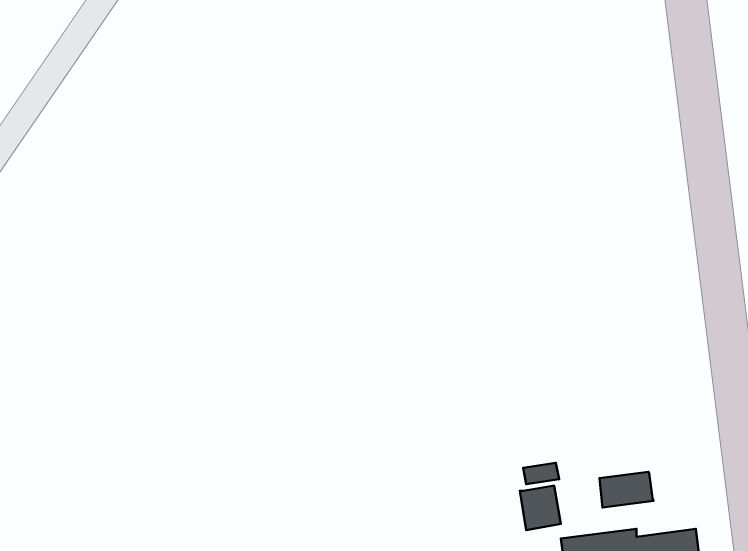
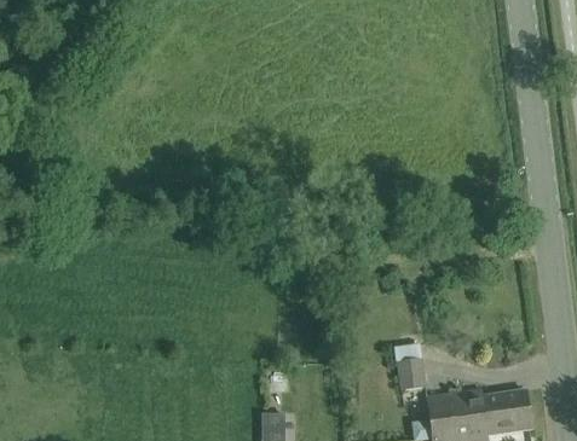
building: [600,472,653,507] -> none

